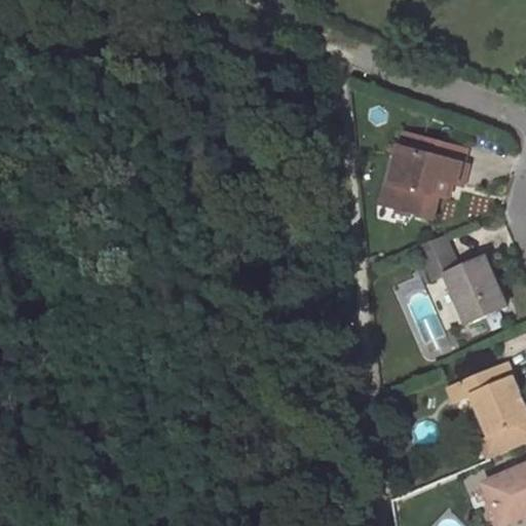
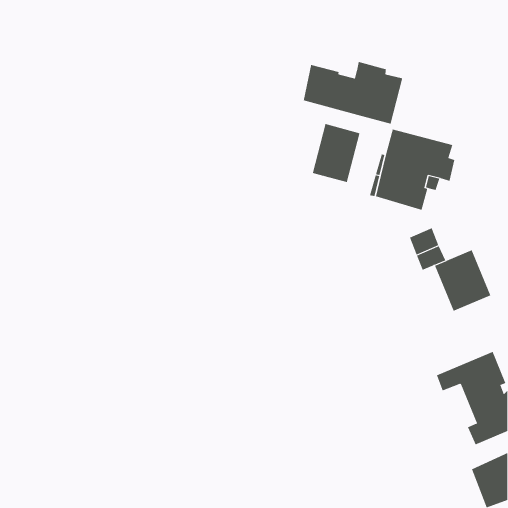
building: none -> [303,61,403,124]
building: none -> [312,123,360,183]

